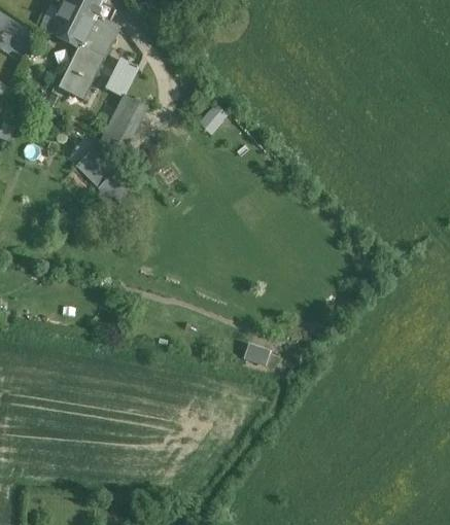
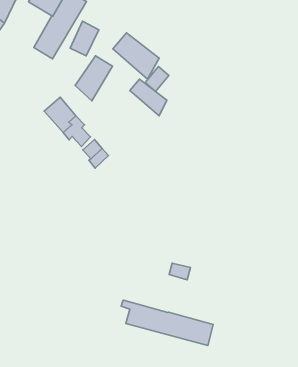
building: none -> [113,33,159,79]
building: none -> [130,79,167,116]
building: none -> [121,300,213,345]

